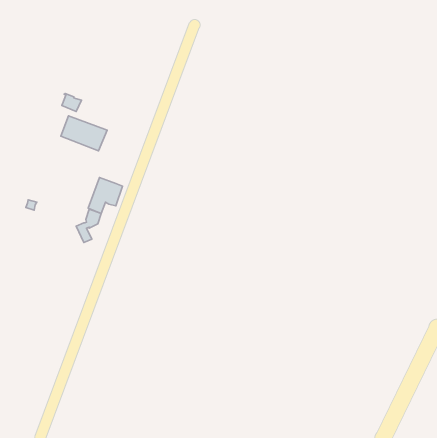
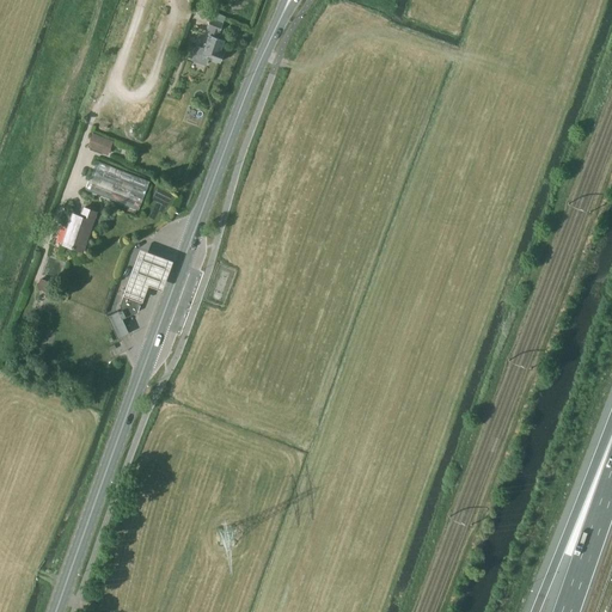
building: none -> [191,20,224,65]
building: none -> [63,206,96,250]

